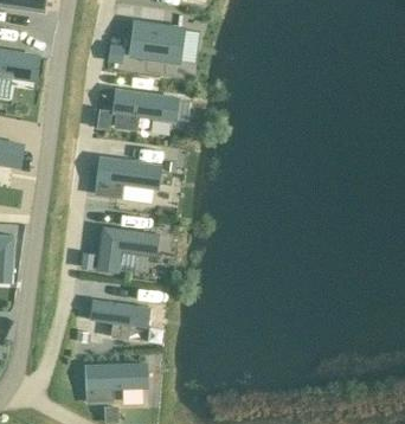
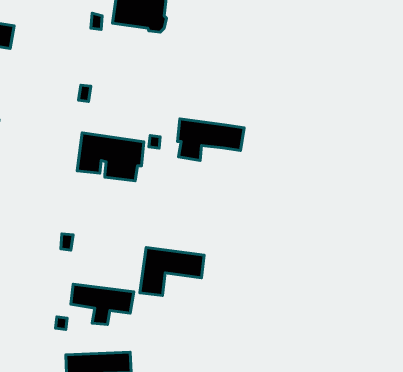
building: [114,90,176,129] -> [177,119,244,160]
building: [96,226,156,271] -> [140,248,204,295]

